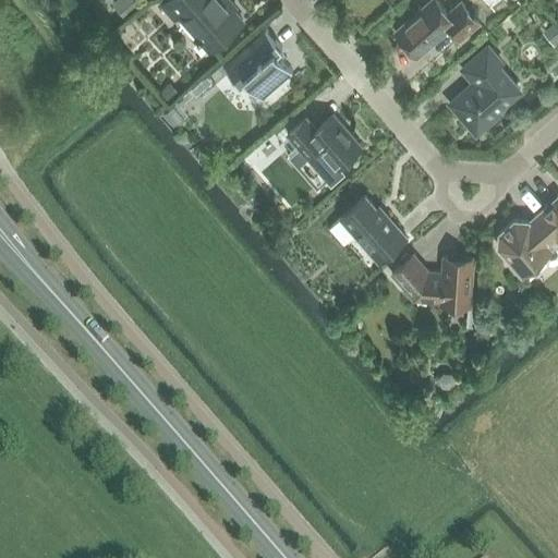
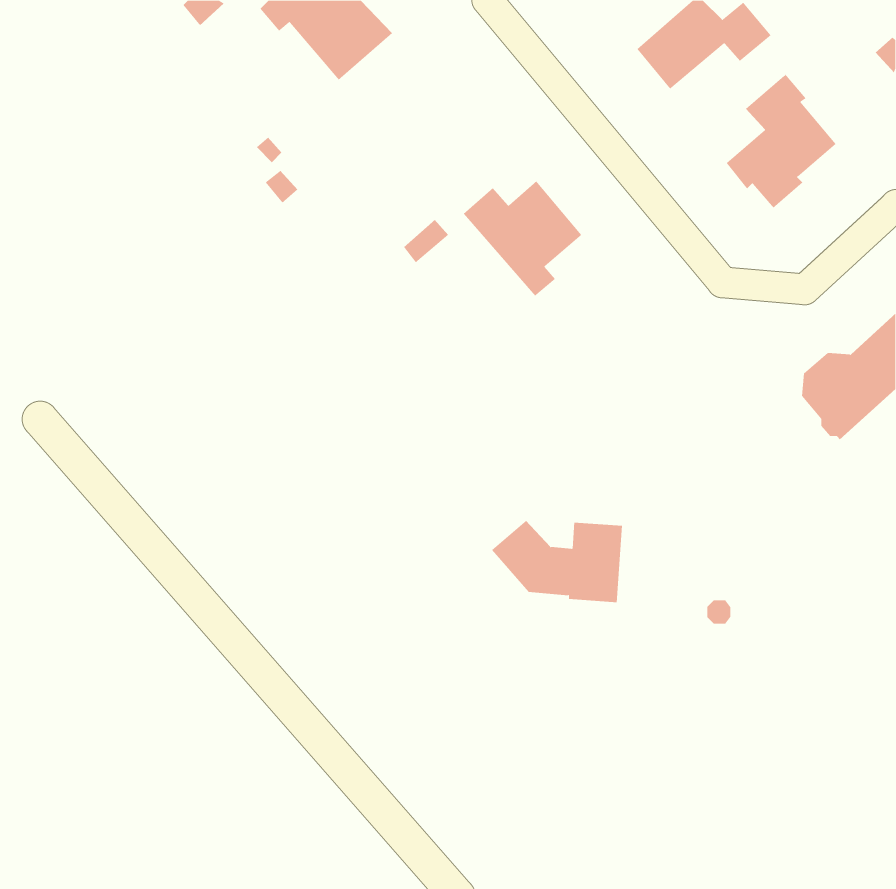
building: [223,33,293,100] -> none
building: [341,199,407,265] -> none
building: [392,258,474,310] -> [491,520,623,603]

